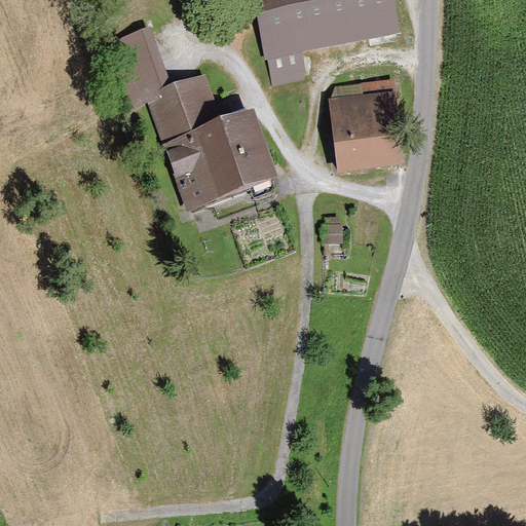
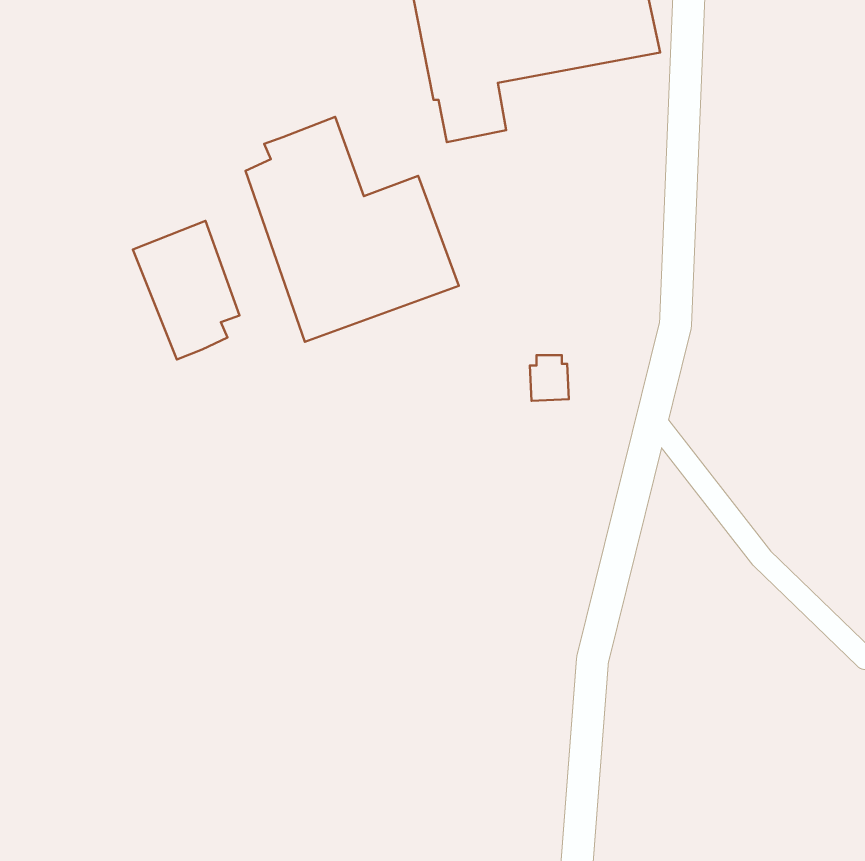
building: [107,26,172,110] -> [133,221,239,360]
building: [332,91,403,170] -> none

